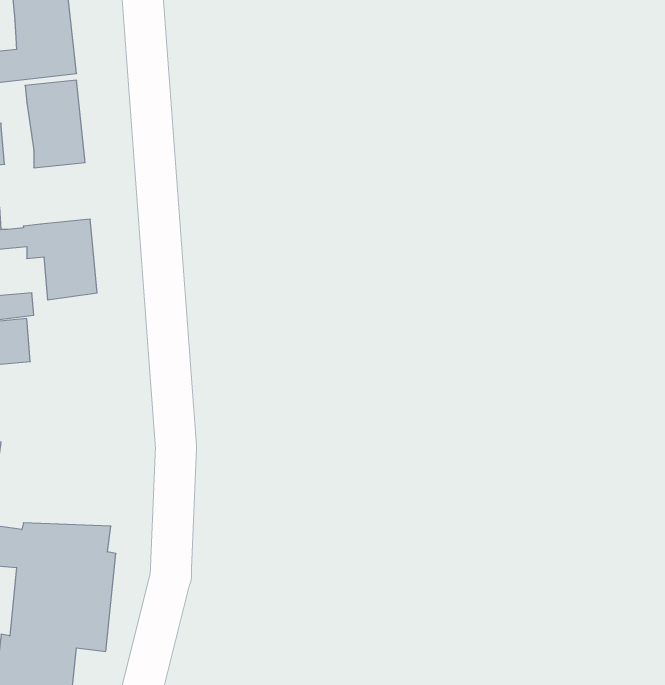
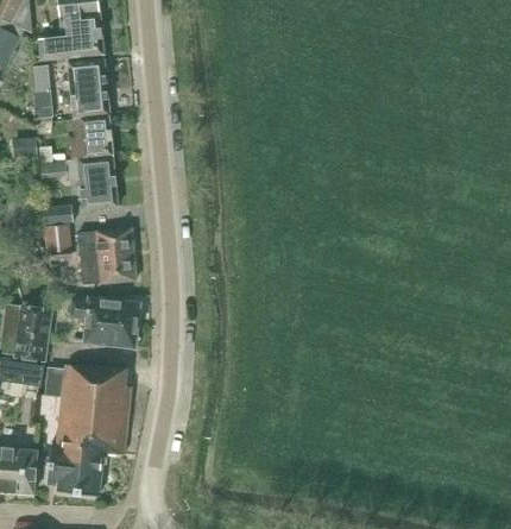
building: none -> [72,115,112,158]
building: none -> [76,228,134,284]
building: none -> [69,298,138,346]

